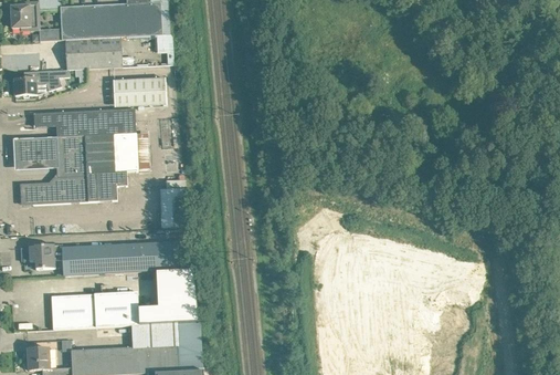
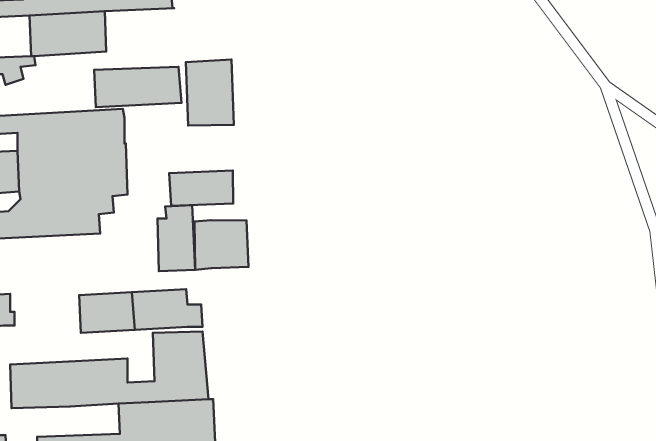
building: none -> [186,60,234,125]
building: none -> [169,171,233,206]
building: none -> [194,220,248,270]
building: [50,244,102,274] -> none

